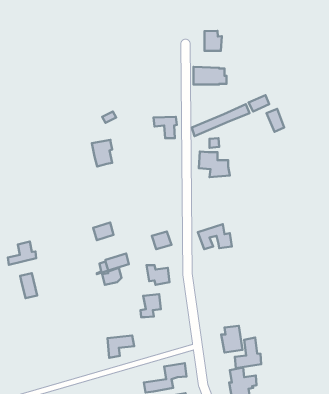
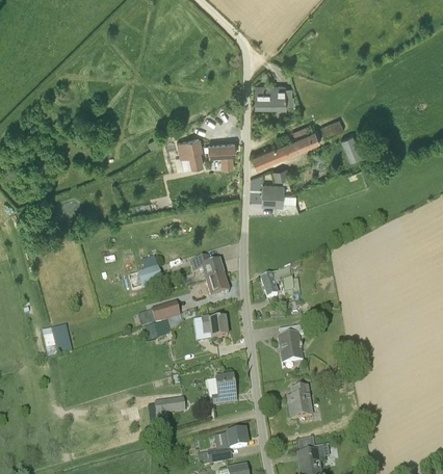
building: [204,31,222,51] -> none
building: [92,140,112,166] -> [177,136,201,167]
building: none -> [191,255,224,281]
building: [8,241,36,265] -> none
building: none -> [278,324,303,363]
building: [140,294,161,317] -> [211,375,235,402]
building: [235,338,261,368] -> none

